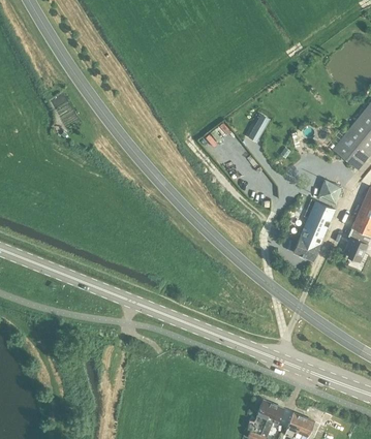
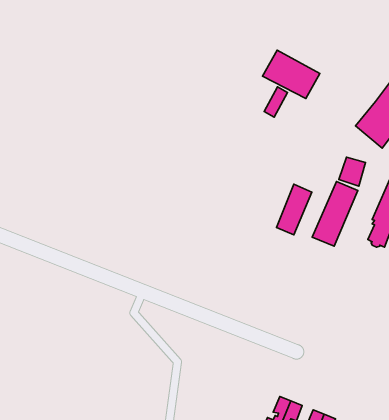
building: none -> [262,50,320,98]
building: none -> [276,184,312,235]

